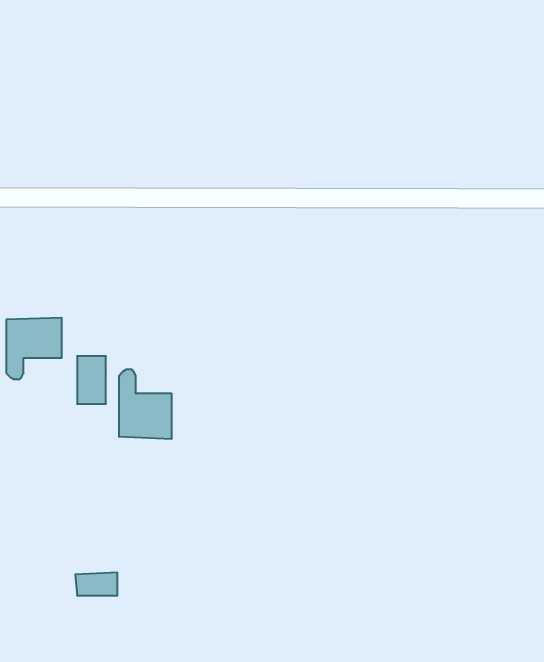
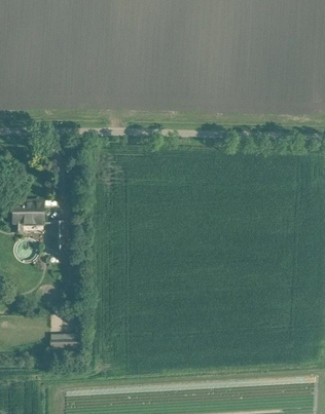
building: [119,369,171,439] -> none

